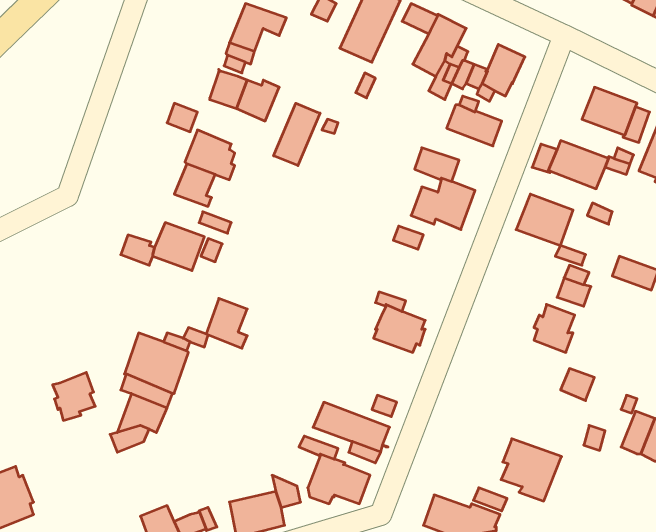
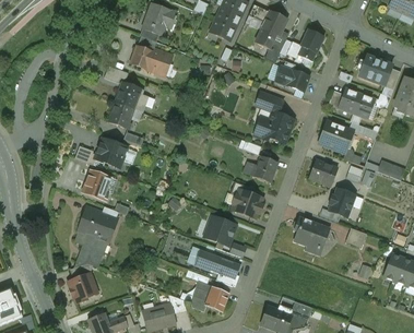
building: [274,103,320,166] -> none
building: none -> [249,156,277,182]
building: none -> [309,159,338,187]
building: [206,298,247,348] -> [83,170,108,201]
building: none -> [206,216,235,243]
building: [53,372,95,420] -> [69,273,95,302]
building: [501,439,562,501] -> [293,216,330,254]

